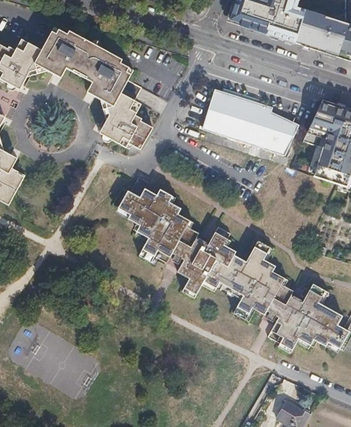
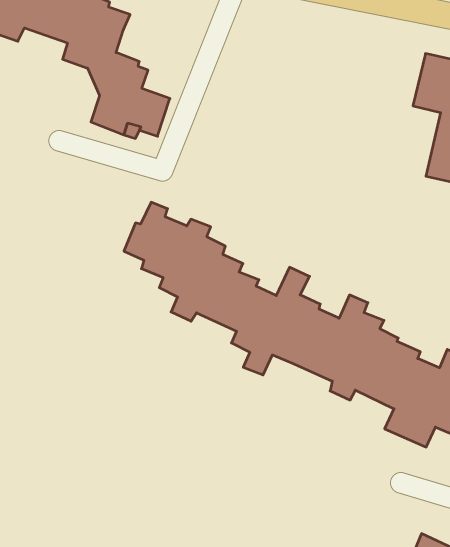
building: [201,89,298,155] -> none

